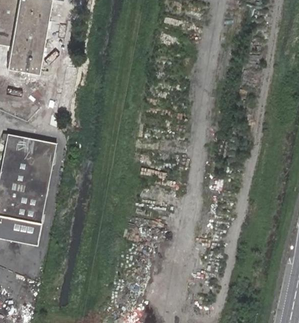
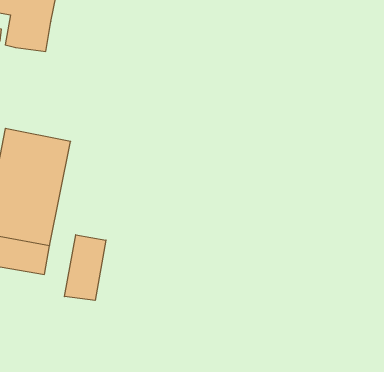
building: none -> [64,235,106,300]

